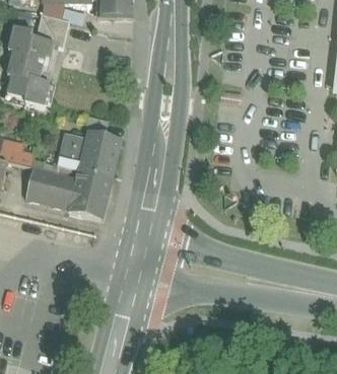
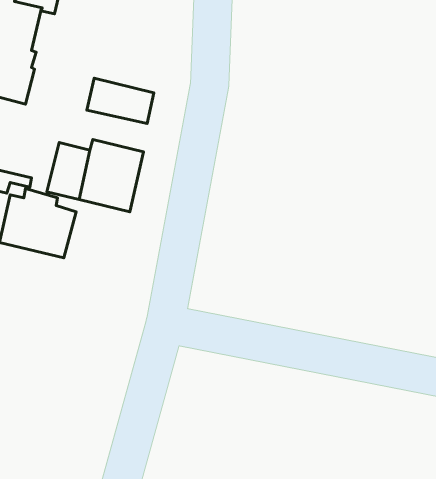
building: none -> [87,78,154,123]
building: [69,169,113,218] -> none

